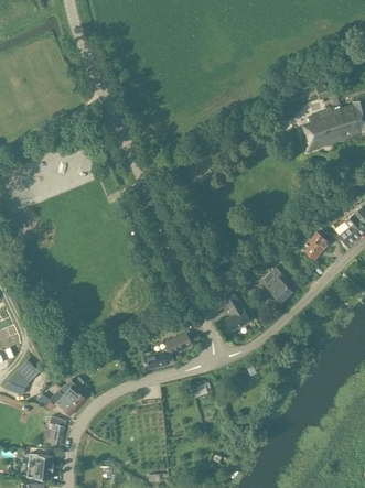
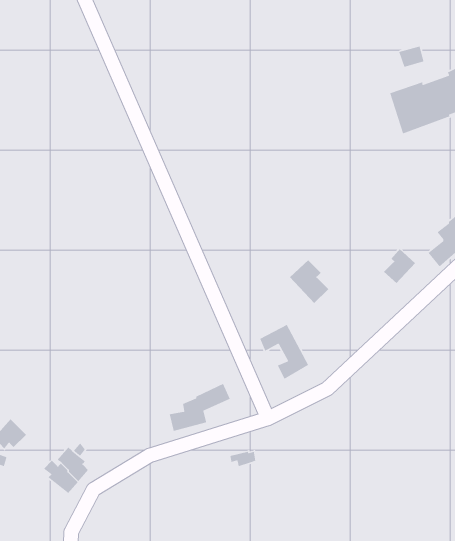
building: [261,268,291,301] -> [289,260,329,304]
building: [42,415,65,445] -> none

